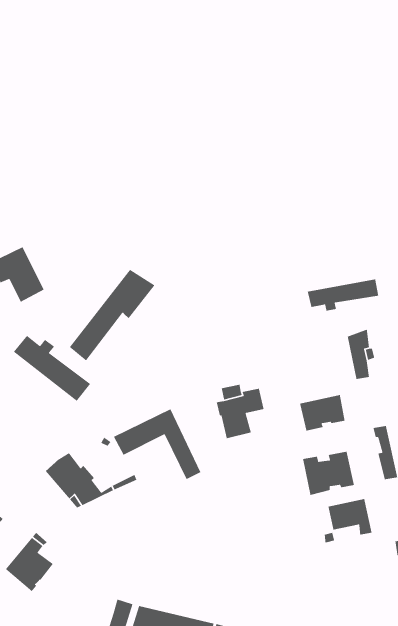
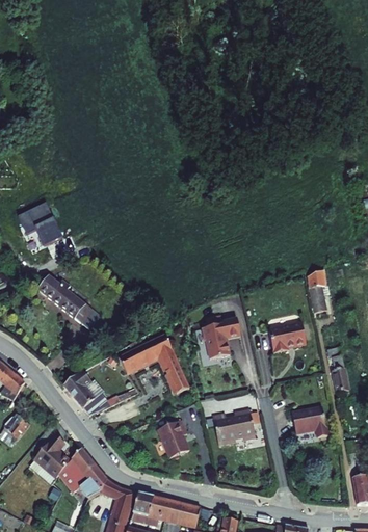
building: [69,269,156,361] -> none
building: [307,278,379,311] -> none
building: [302,451,355,496] -> [212,408,255,445]
building: none -> [157,419,188,457]
building: none -> [58,447,106,498]

